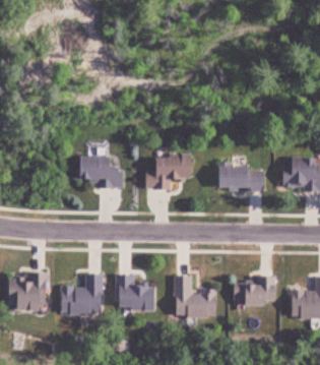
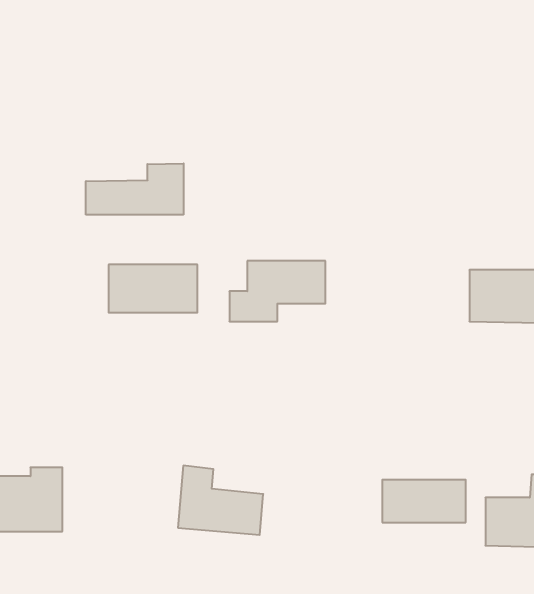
building: none -> [86,163,184,215]
building: [215,168,266,190] -> none
building: [58,271,105,314] -> none
building: [172,275,217,318] -> none

